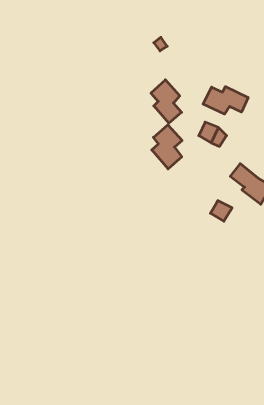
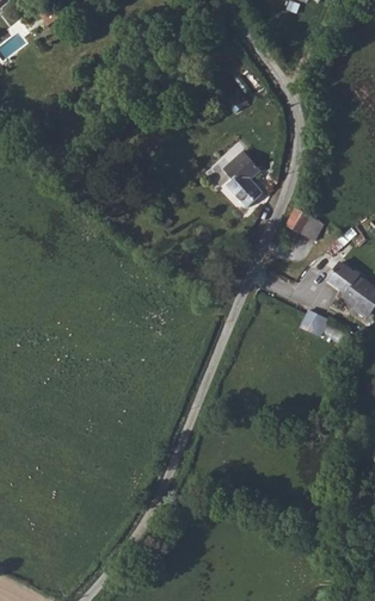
building: [203,87,248,114] -> none
building: [152,125,182,169] -> none

